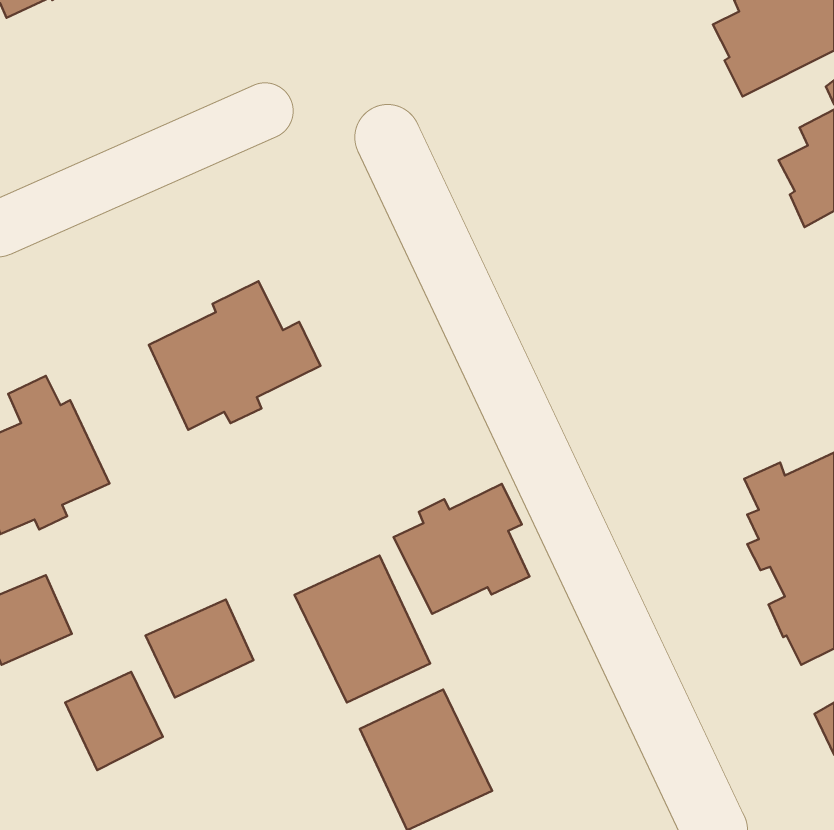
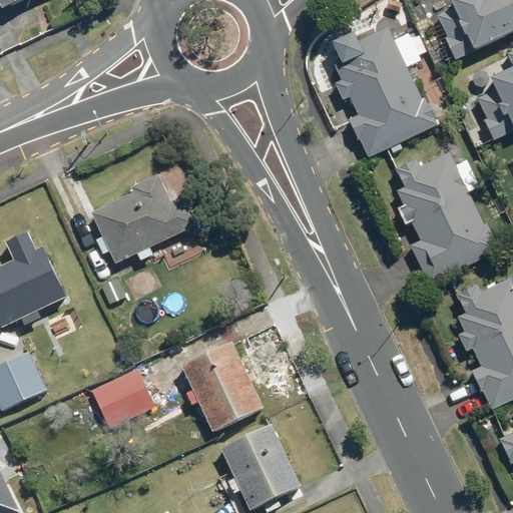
building: none -> [332,26,440,156]
building: none -> [396,151,500,283]
building: [393,484,530,614] -> none
building: [65,672,163,770] -> none

